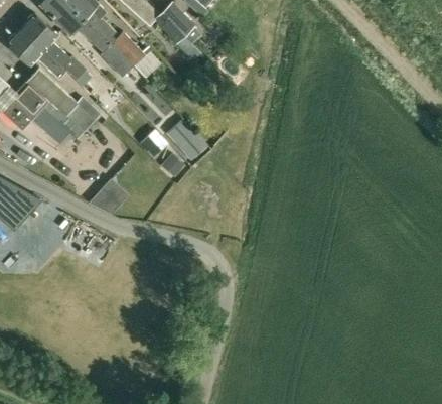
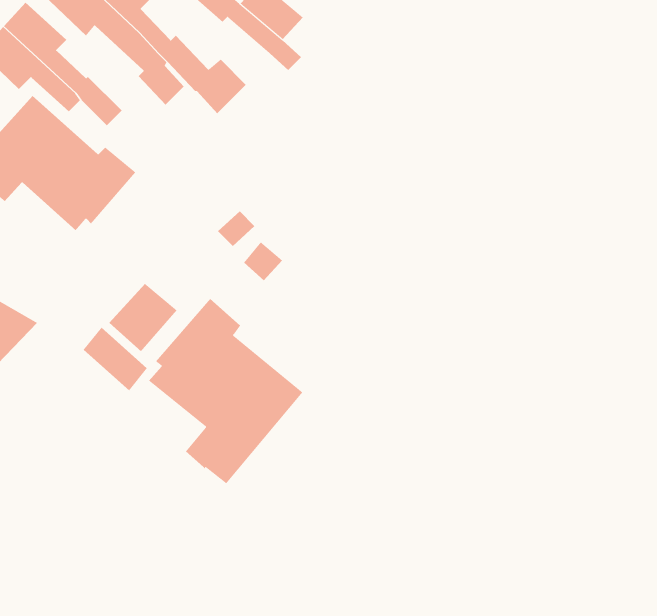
building: [165,117,208,162] -> none
building: none -> [148,298,303,484]
building: none -> [83,327,147,391]

